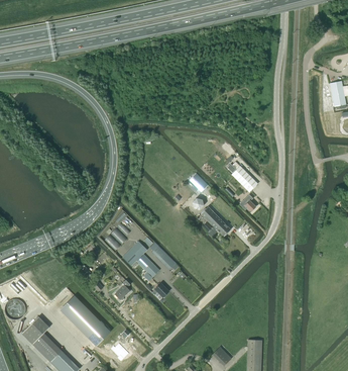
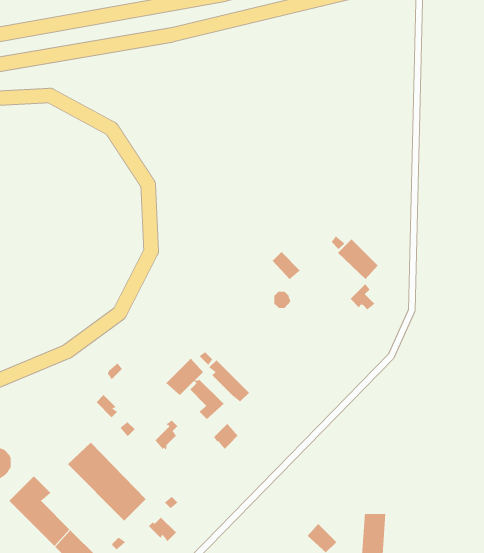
building: [201,206,231,237] -> none

